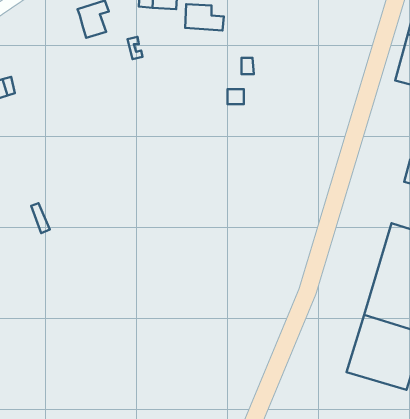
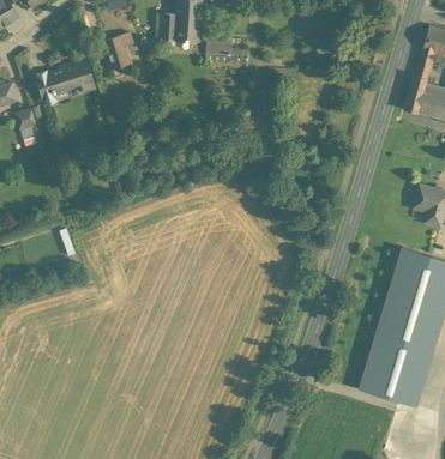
building: none -> [35,58,95,104]

